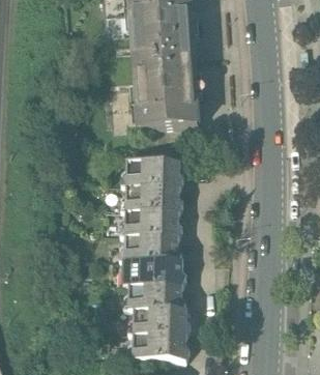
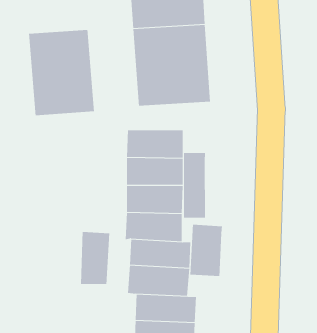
building: none -> [29,29,94,116]
building: none -> [184,152,206,218]
building: none -> [190,224,223,277]
building: none -> [80,231,110,285]

